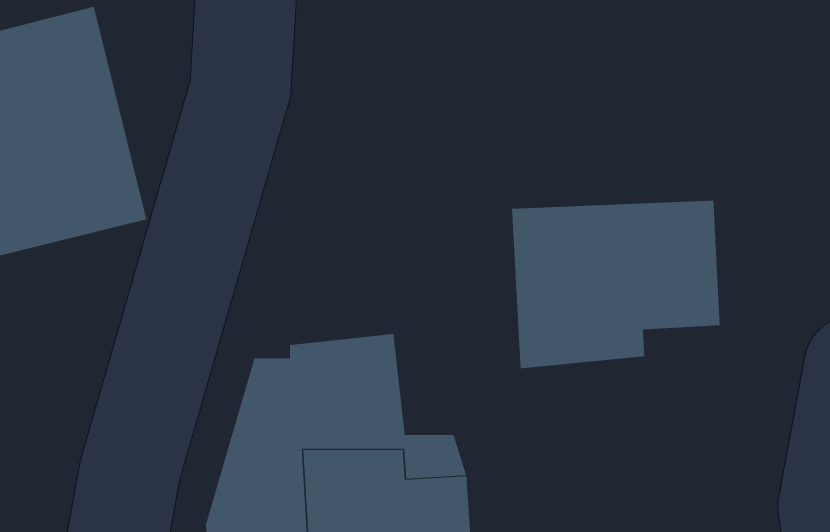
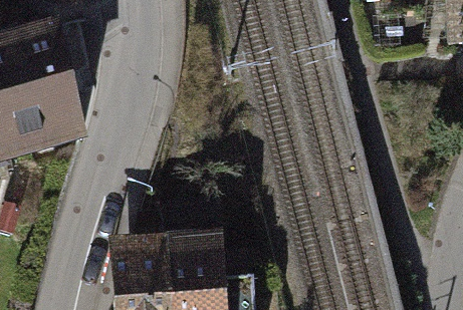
building: [512,200,720,369] -> none

